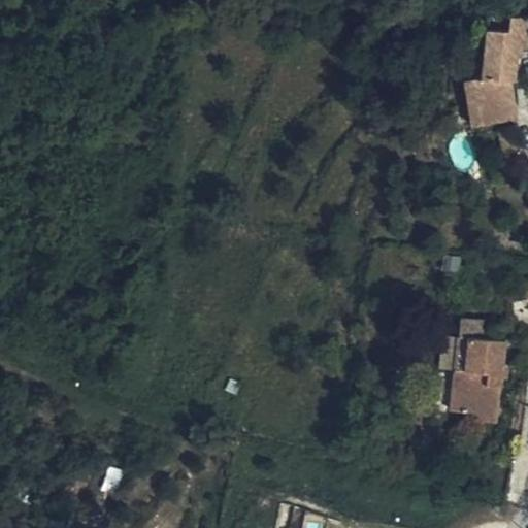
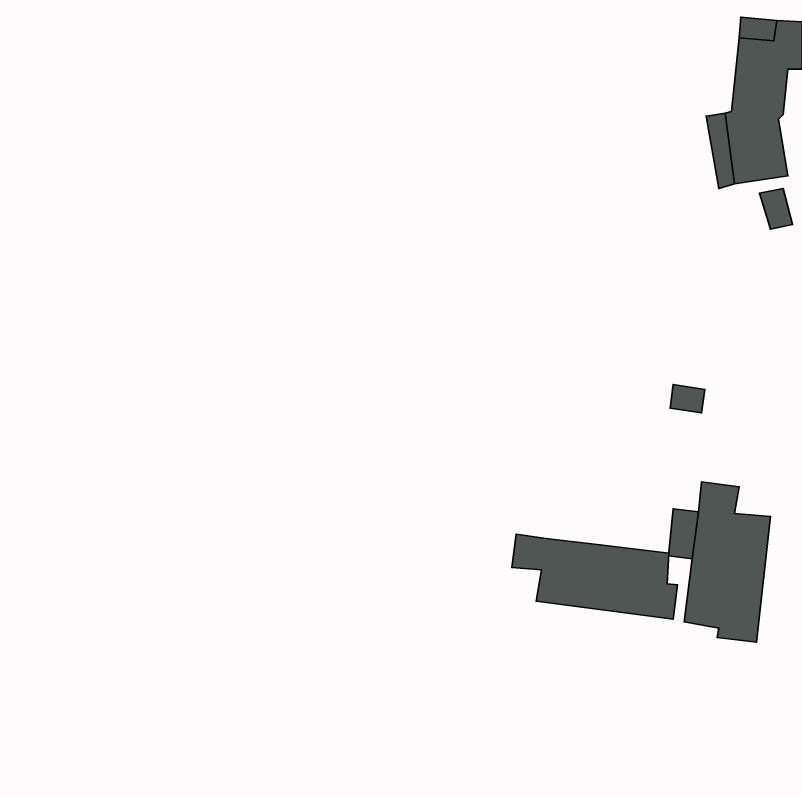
building: none -> [512,534,678,619]

